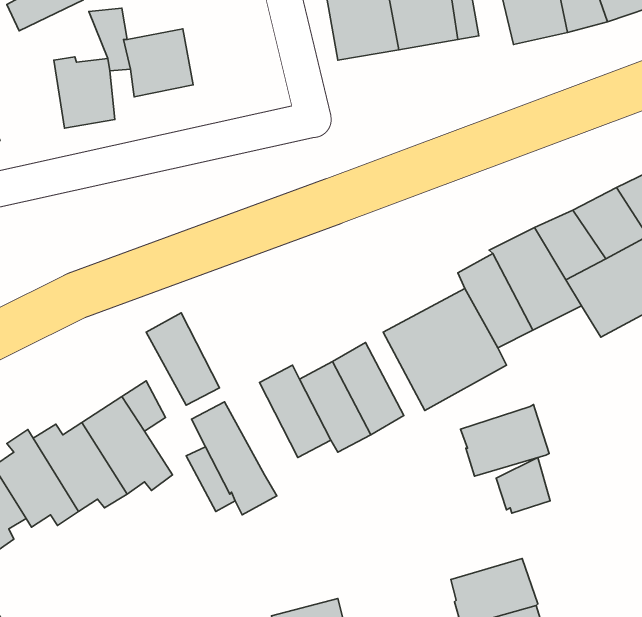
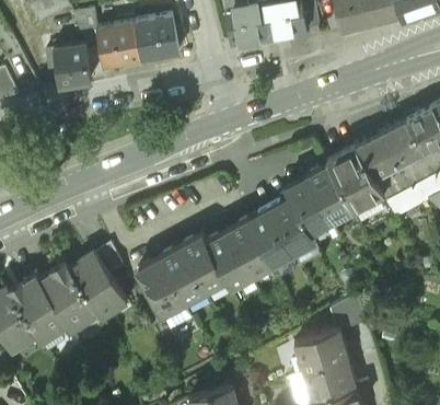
building: none -> [132,18,177,59]
building: [146,313,219,405] -> [159,246,205,304]
building: [460,405,549,476] -> [292,325,348,370]

